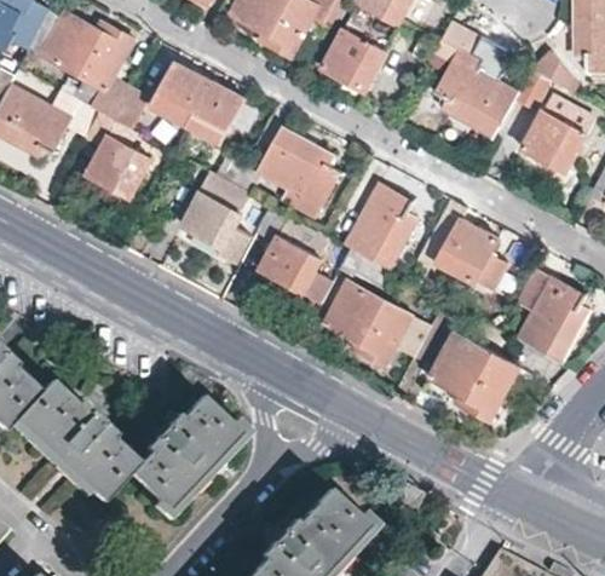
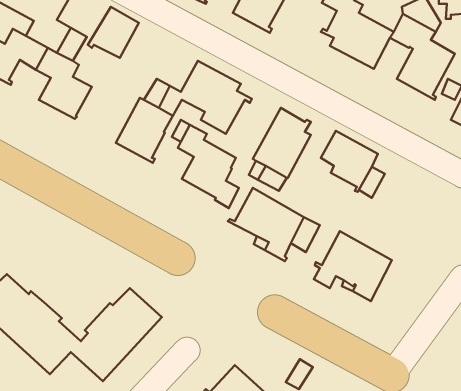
building: [188,80,243,143] -> none
building: [515,265,589,361] -> none

